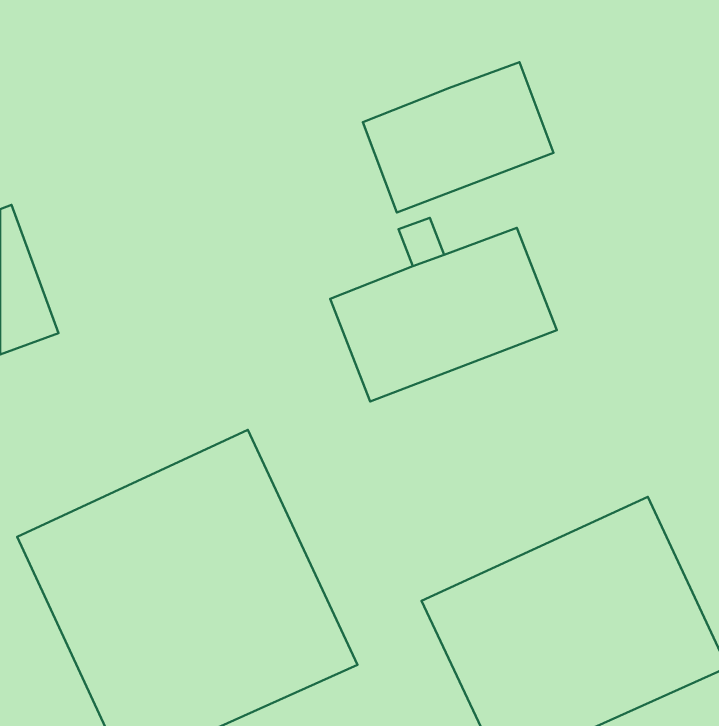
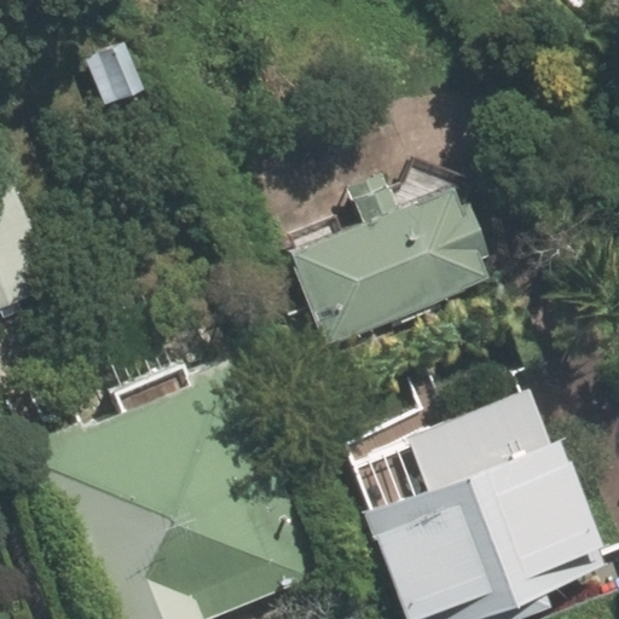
building: [363,62,553,213] -> none

